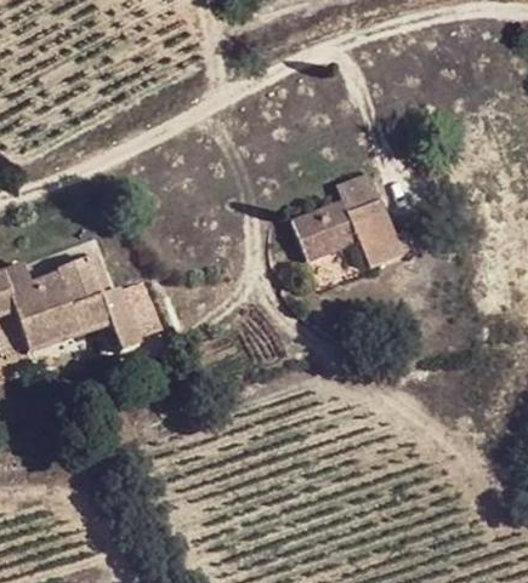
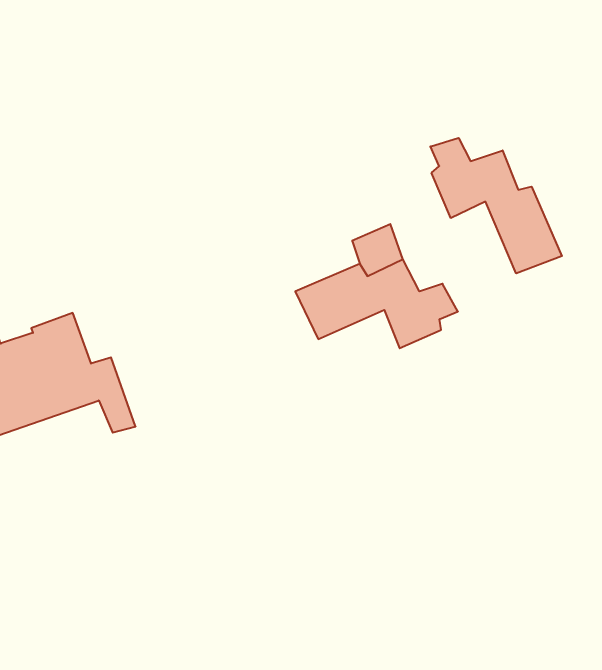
building: none -> [430,138,562,273]

